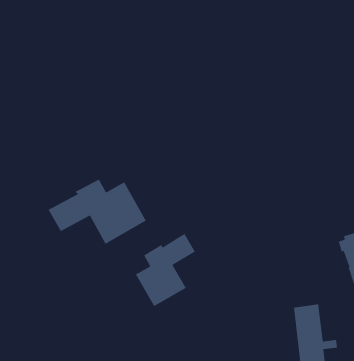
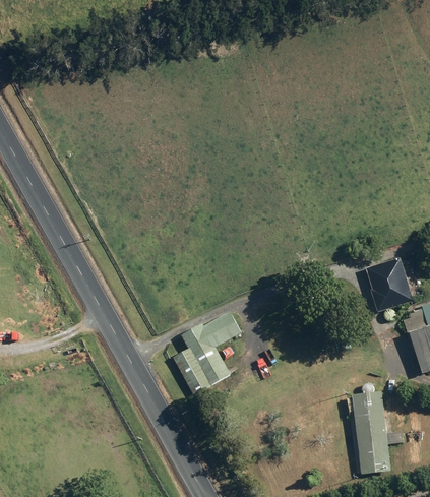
building: [48,179,147,245] -> none
building: none -> [365,256,413,311]

